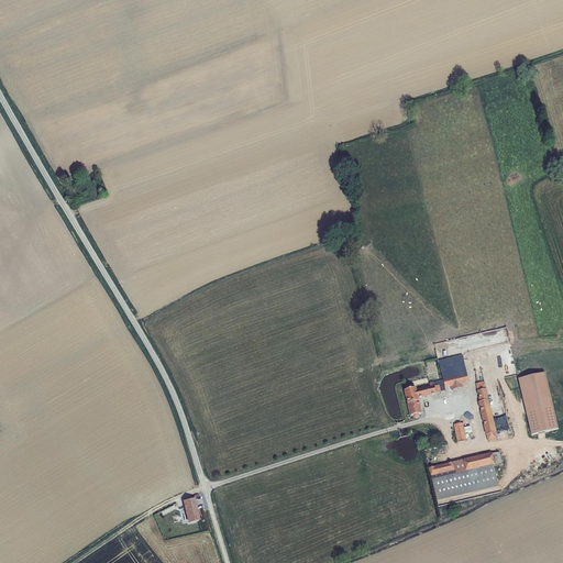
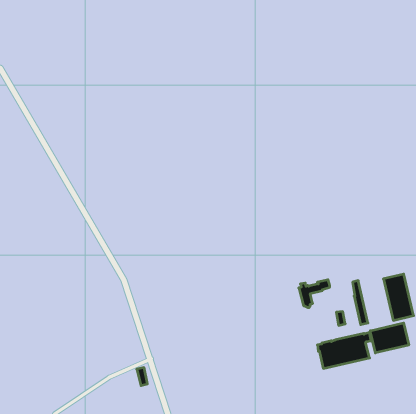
building: [438,353,468,388] -> none
building: none -> [370,323,409,353]

